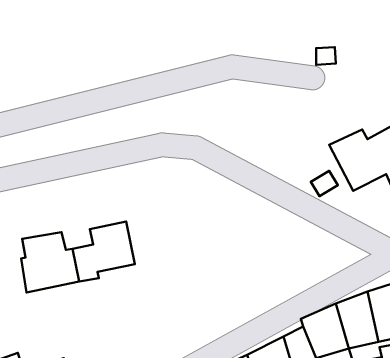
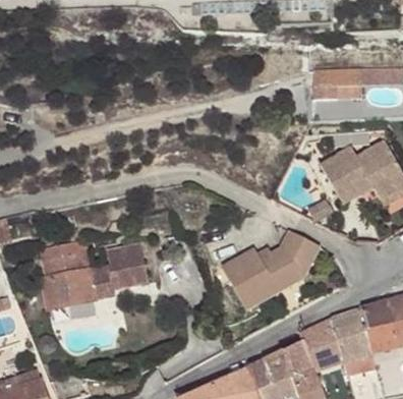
building: none -> [222,229,320,299]

